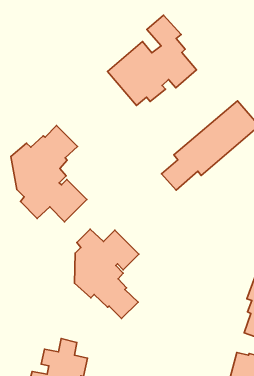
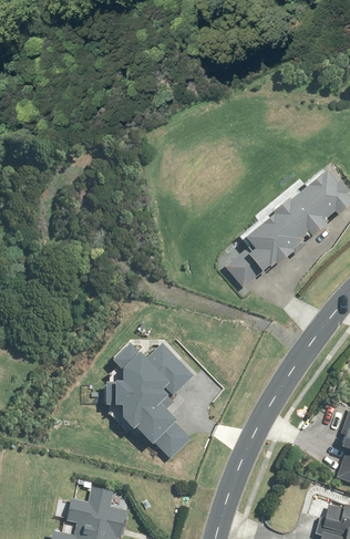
building: [107,15,197,105] -> none
building: [11,126,87,222] -> none

